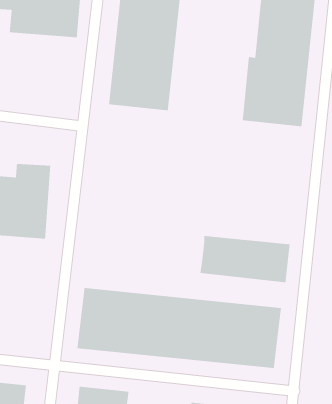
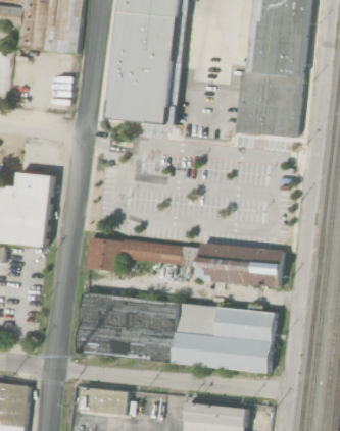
building: none -> [87,237,200,271]

